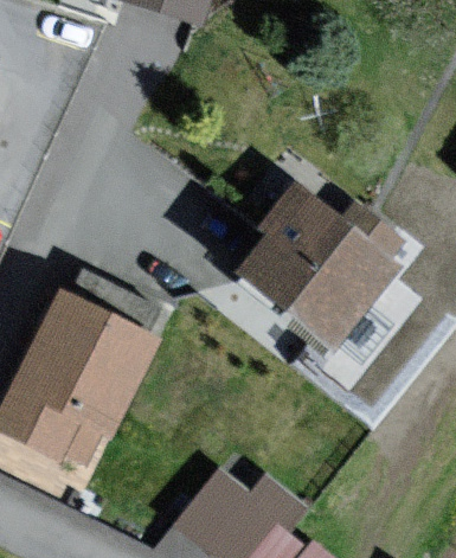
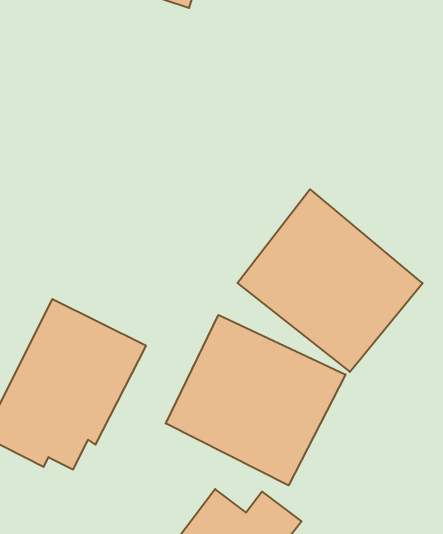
building: none -> [166,315,346,485]

